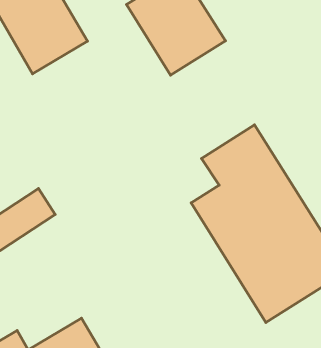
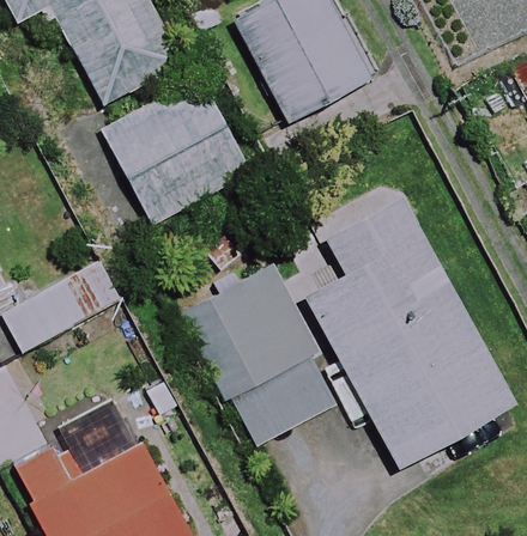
building: none -> [107,81,250,223]
building: none -> [181,263,339,447]

